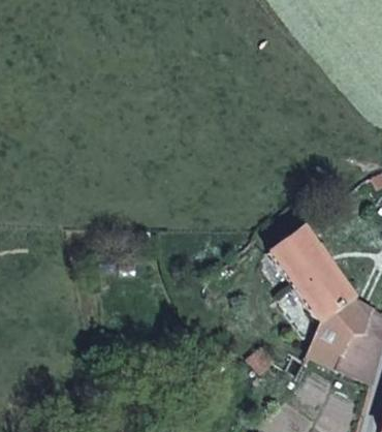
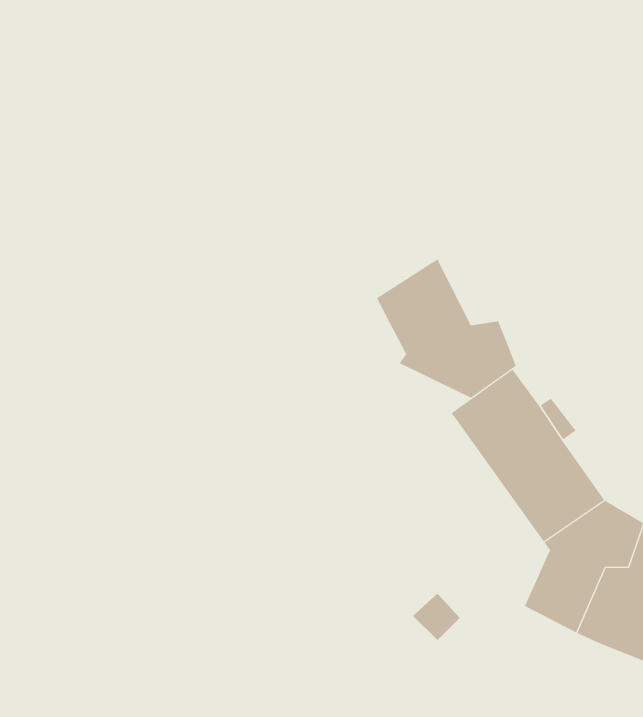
building: none -> [376,258,517,399]

